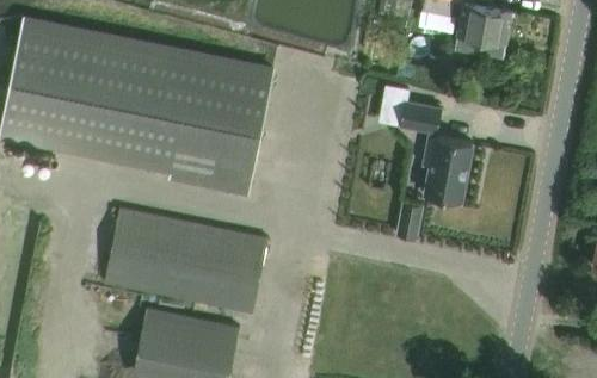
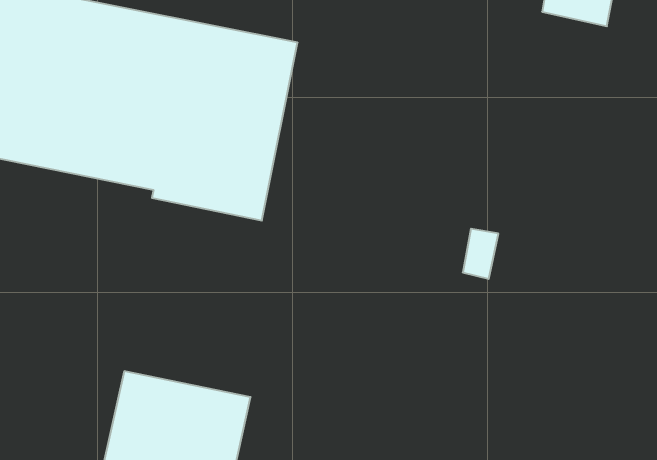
building: [378,85,472,203] -> none
building: [104,207,267,314] -> none

